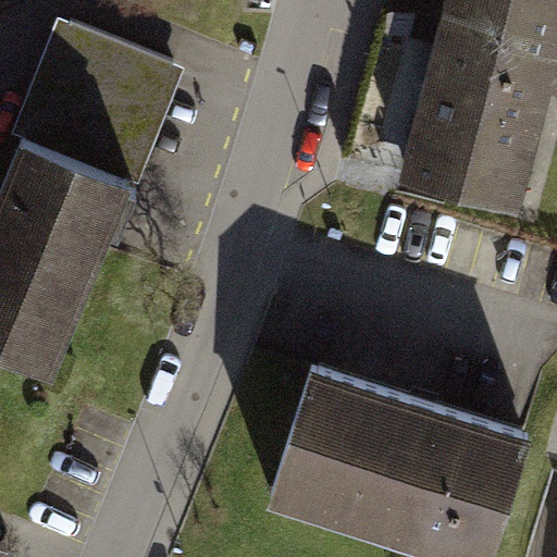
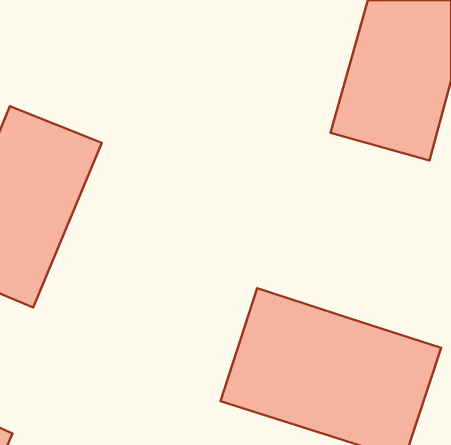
building: [7,27,178,191] -> none

